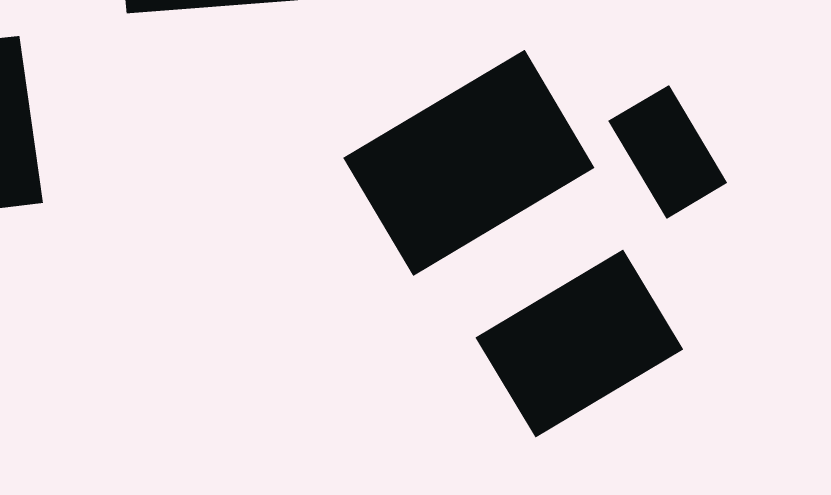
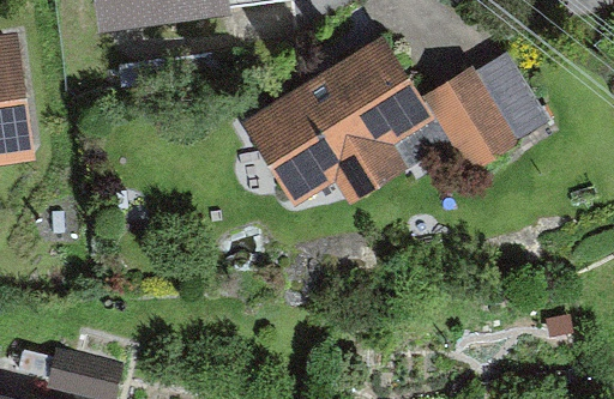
building: [474,249,684,438] -> none

